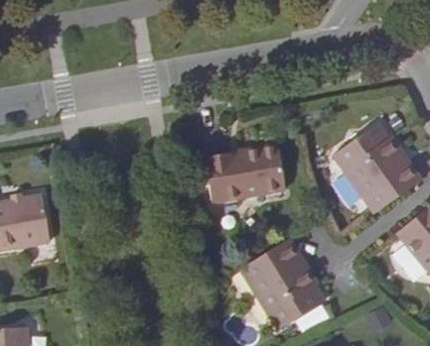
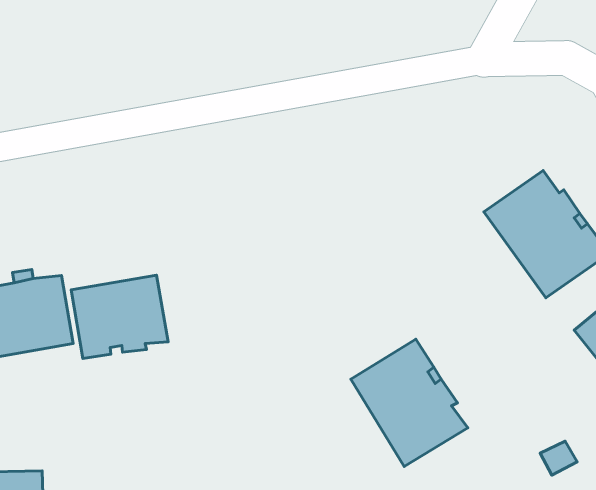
building: [198,144,280,202] -> none
building: none -> [71,275,168,359]

